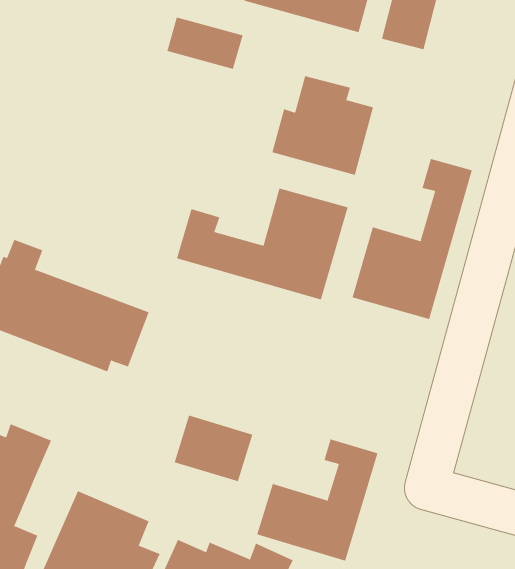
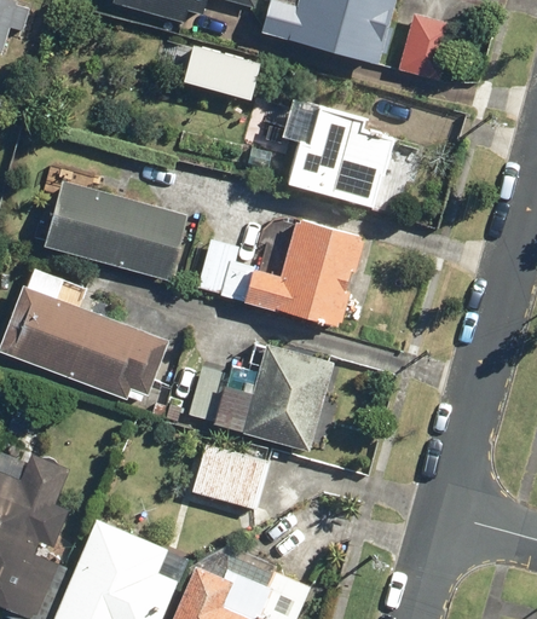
building: none -> [44,181,185,280]
building: [352,158,472,320] -> none
building: none -> [186,342,333,450]
building: [257,439,378,562] -> none

